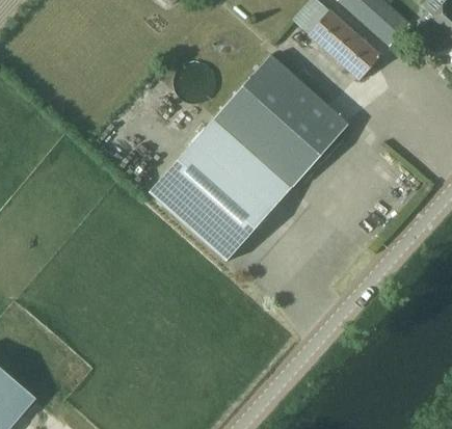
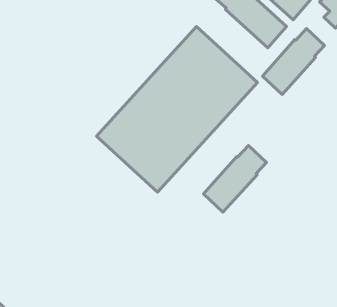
building: none -> [263,29,325,95]
building: none -> [203,146,267,212]

